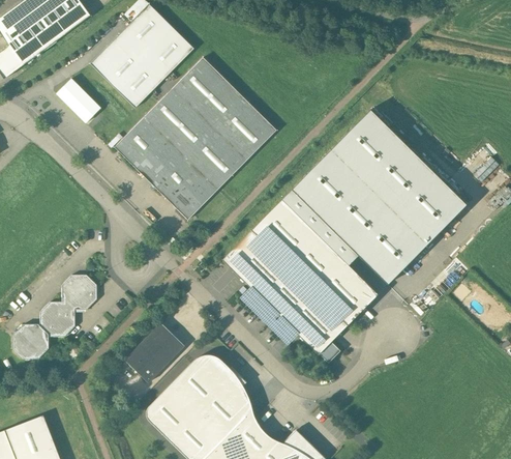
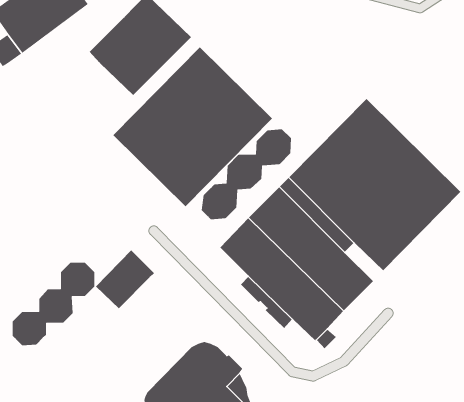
building: [56,79,101,123] -> none
building: none -> [201,129,292,220]
building: [124,322,184,382] -> [95,249,155,309]

